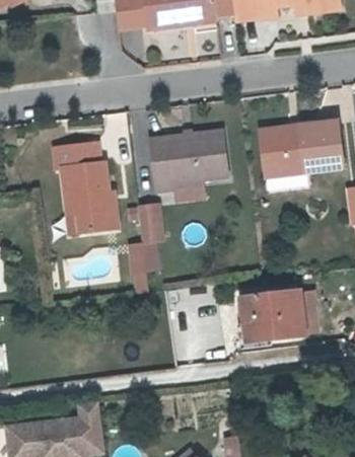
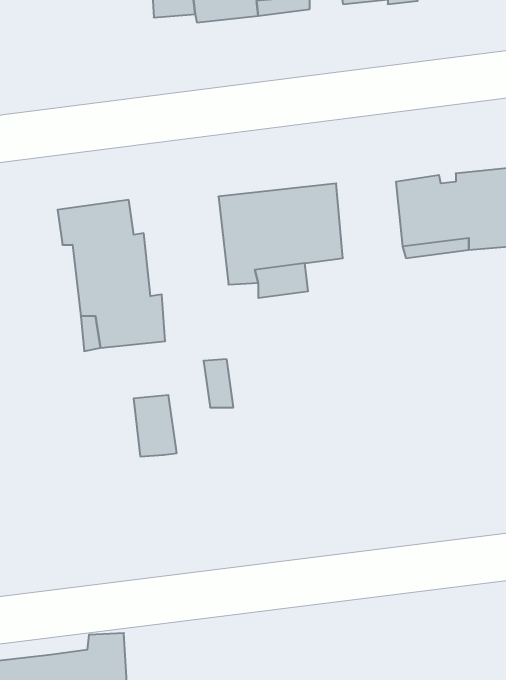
building: [139,201,165,238] -> [134,395,177,456]
building: [241,285,315,334] -> none

